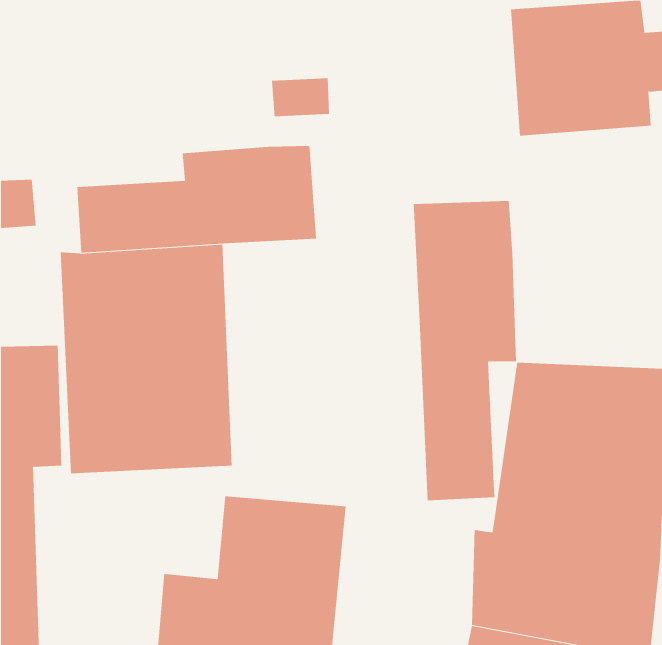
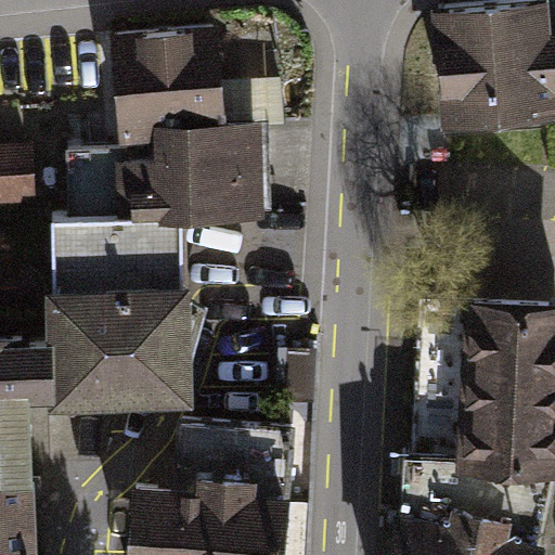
building: none -> [112,41,224,146]
building: [413,200,517,501] -> none

